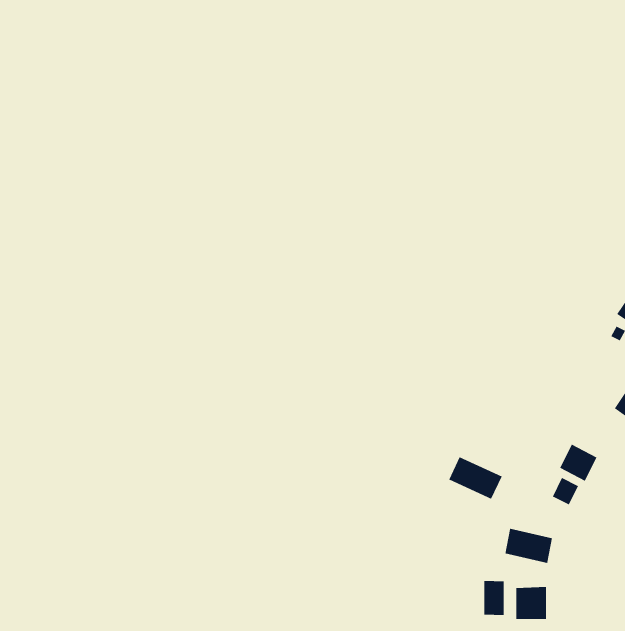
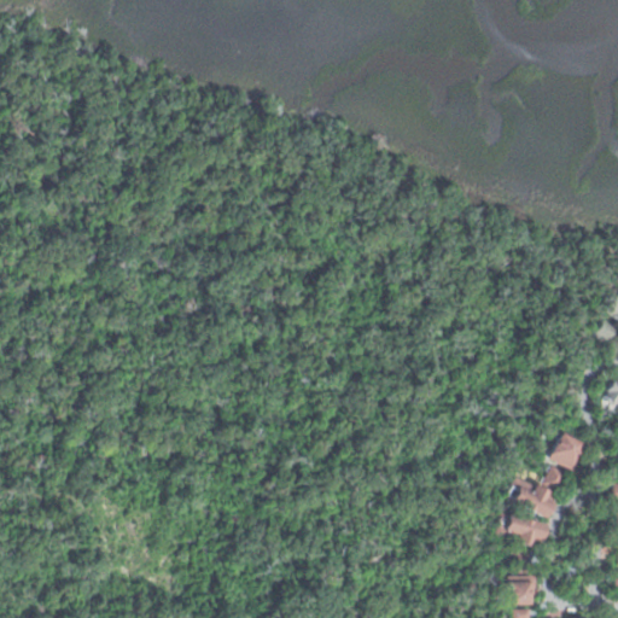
building: [448,456,503,500] -> [508,477,561,519]
building: [483,580,505,616] -> none

